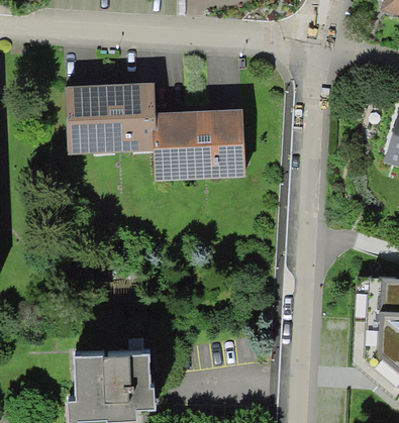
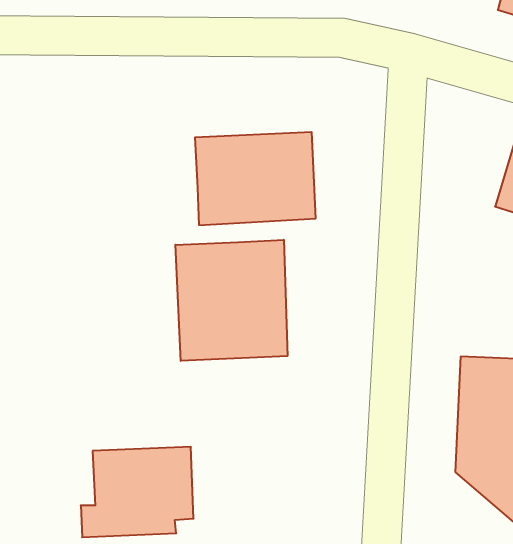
building: [65,80,156,153] -> none
building: none -> [175,240,287,361]

